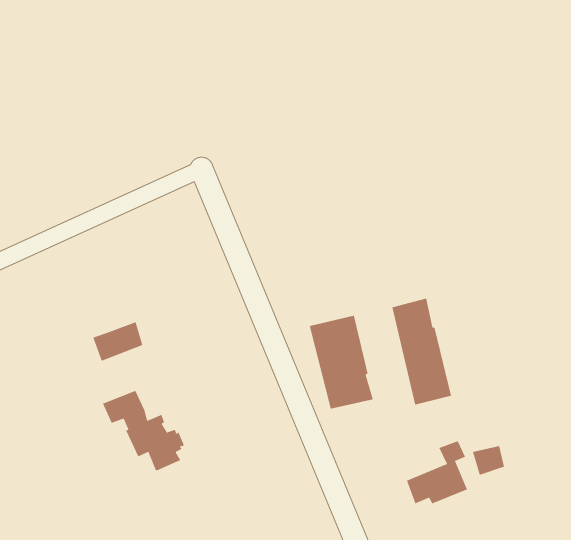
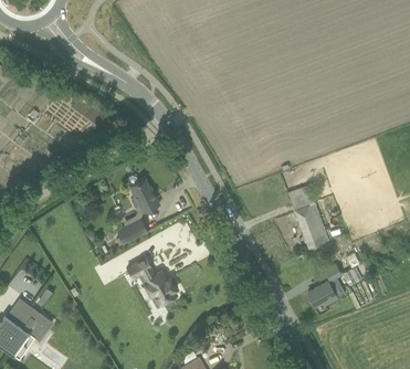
building: none -> [128,176,160,213]
building: [309,315,373,410] -> none

